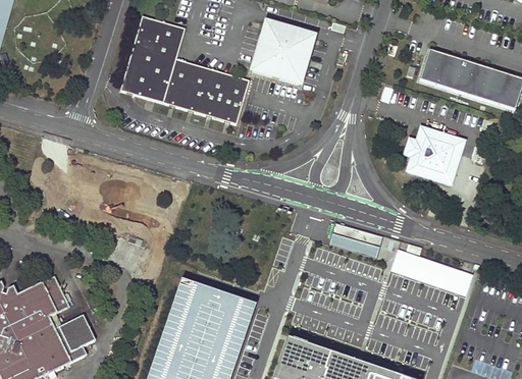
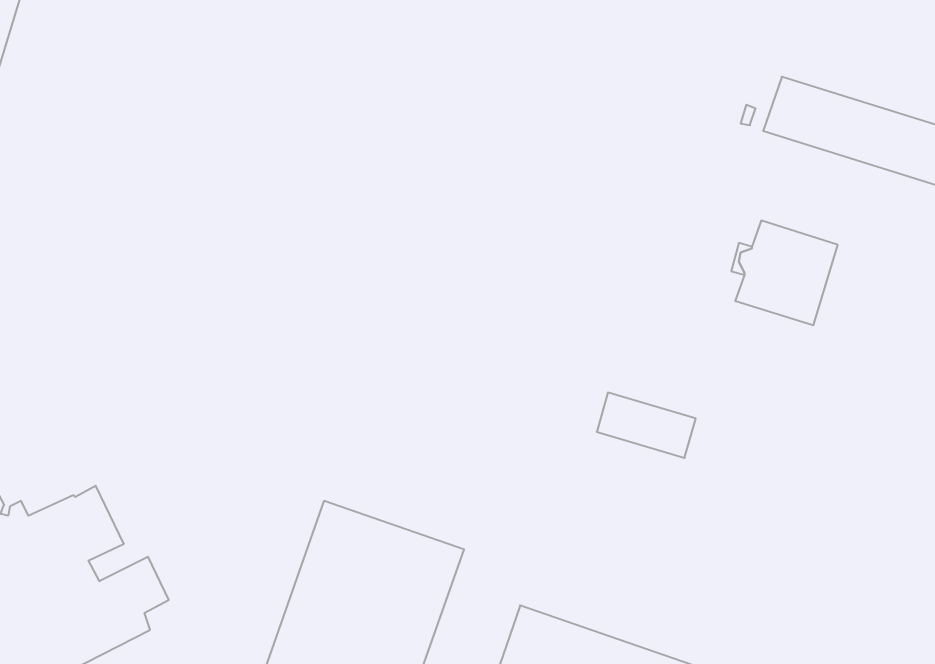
building: [119,15,249,124] -> none
building: [252,23,313,84] -> none
building: [390,248,473,295] -> none

